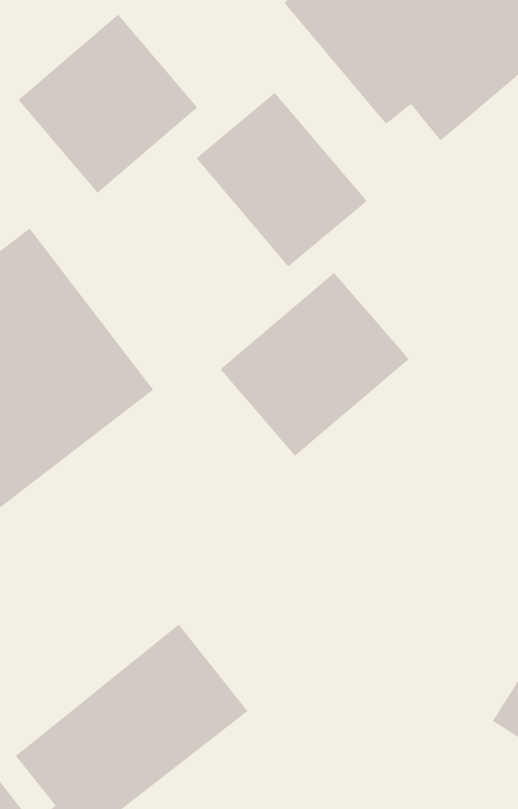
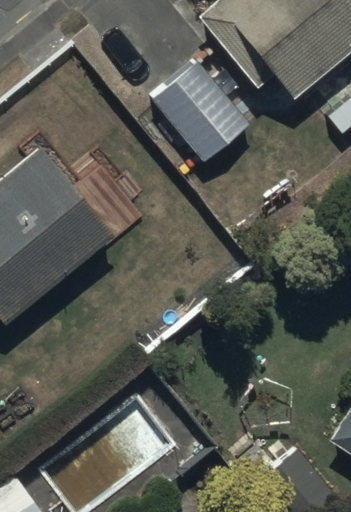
building: [18,13,198,194] -> none
building: [219,272,410,457] -> none

